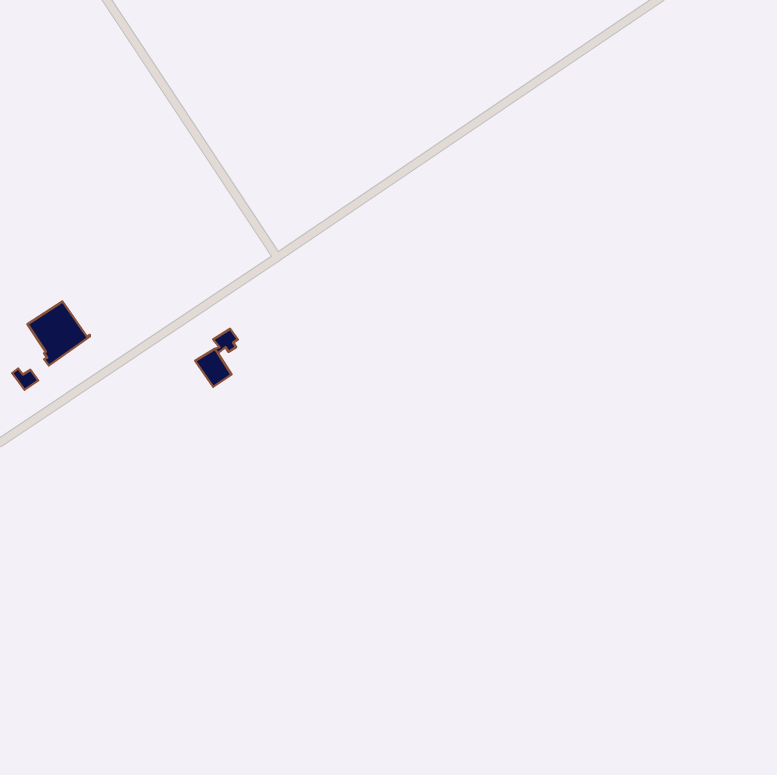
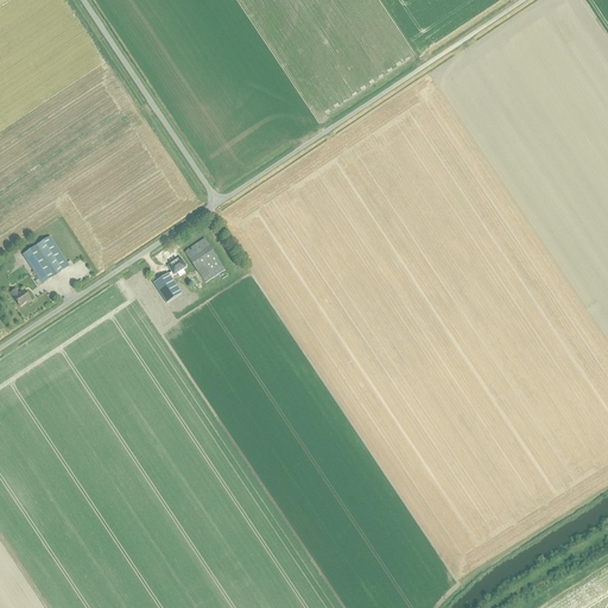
building: none -> [184,236,224,281]

